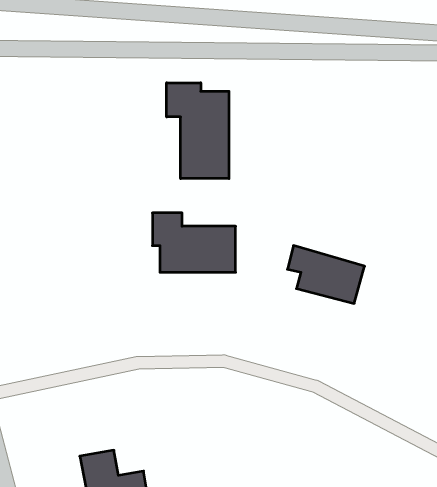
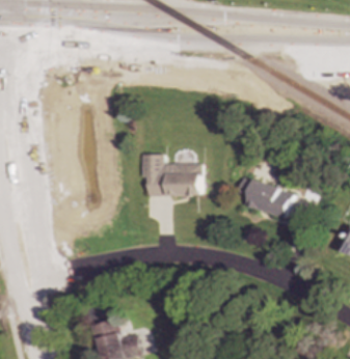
building: [167,83,229,179] -> none

